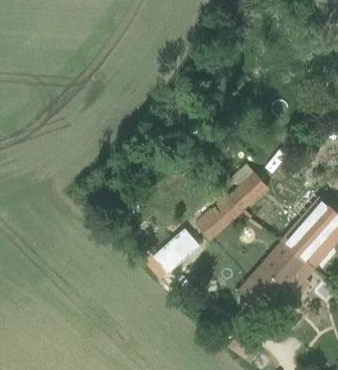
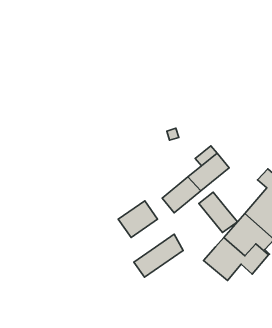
building: none -> [199,192,237,232]
building: none -> [134,234,183,277]

